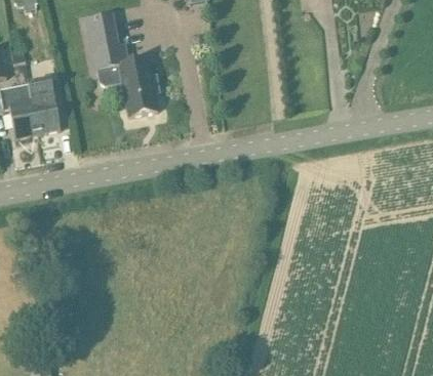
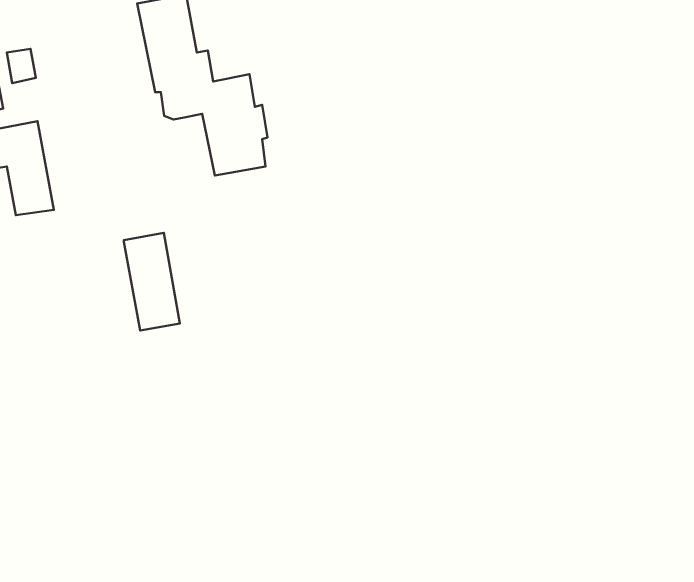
building: [29,79,61,134] -> [124,233,180,331]

